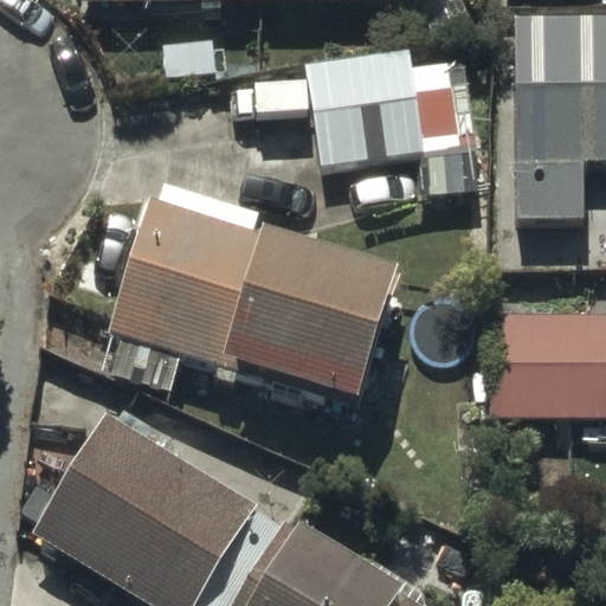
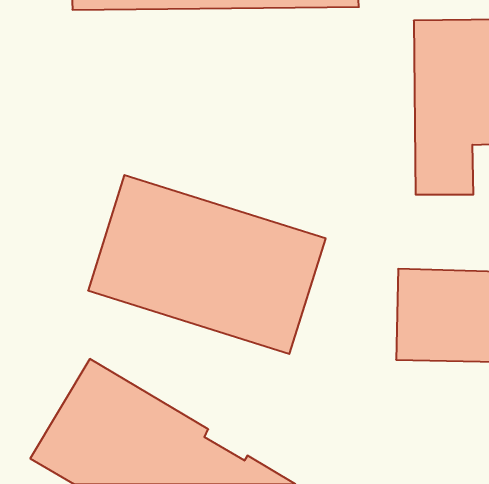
building: [310,53,444,178] -> none

